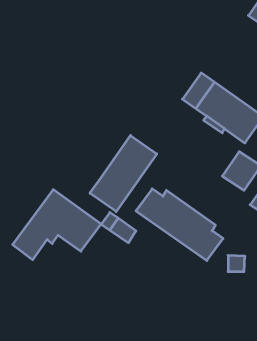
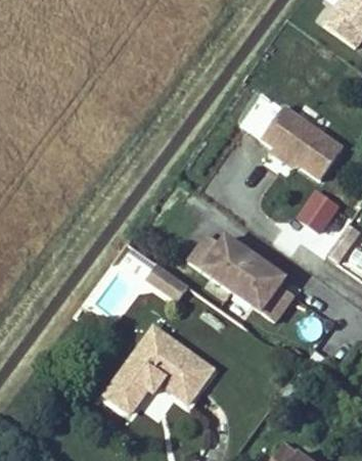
building: [90,135,157,212] -> none
building: [13,190,101,260] -> [106,327,214,412]

